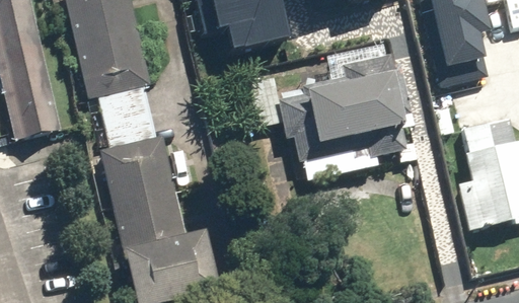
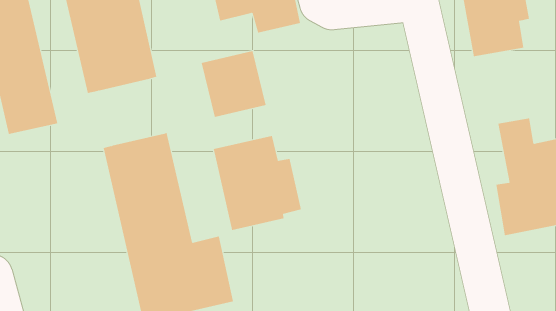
building: [278,44,413,181] -> none
building: [97,86,157,147] -> [201,51,267,117]
building: none -> [213,135,301,231]

